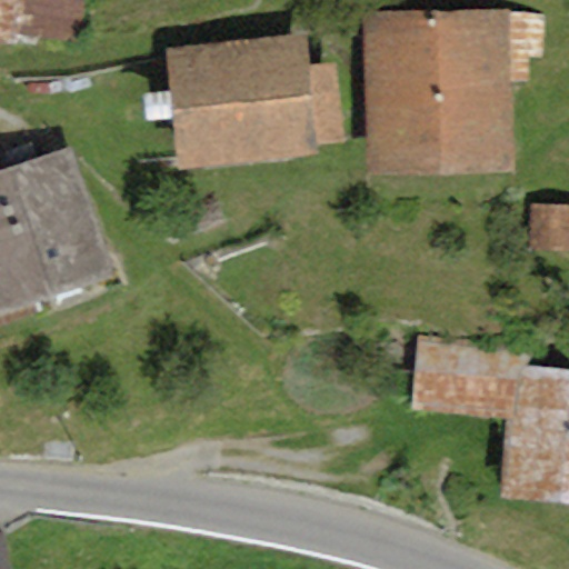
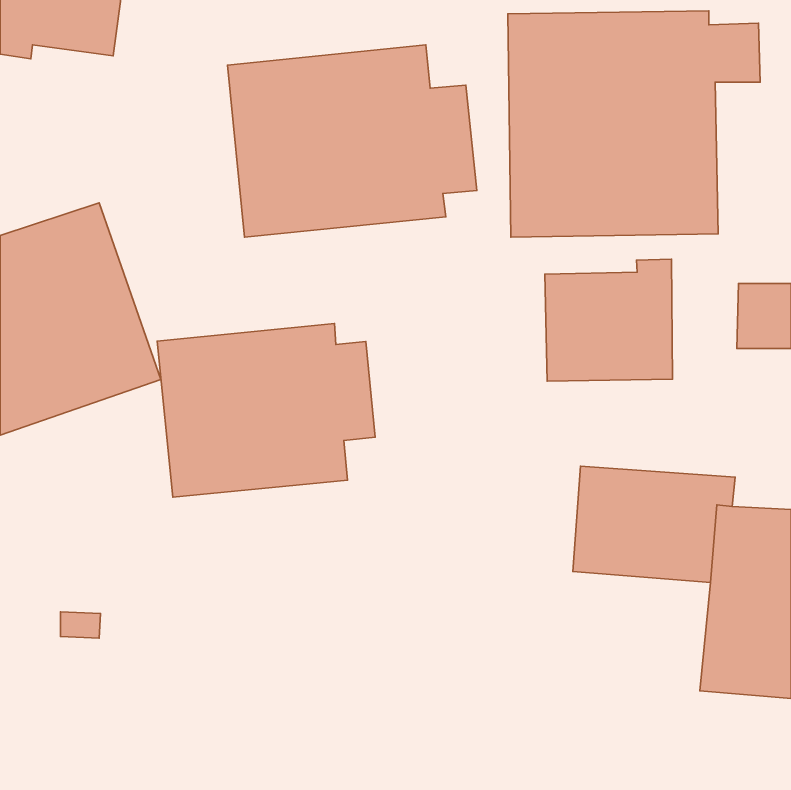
building: none -> [545,259,673,381]
building: none -> [157,323,375,497]

